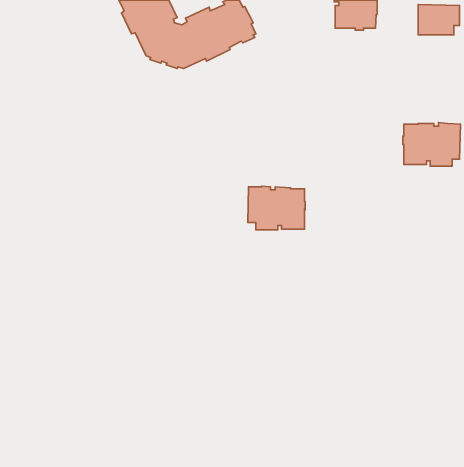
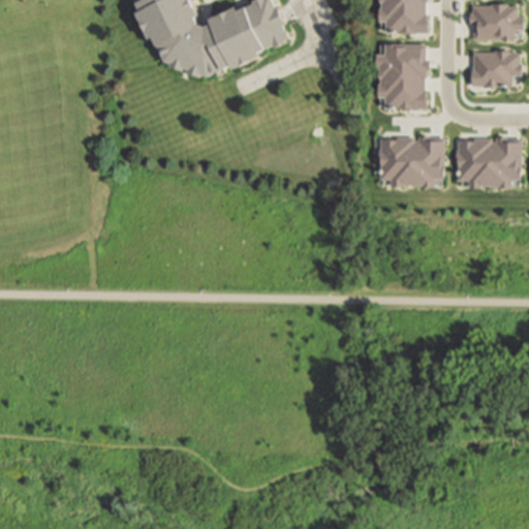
building: none -> [376,44,426,110]
building: none -> [472,52,519,85]
building: [248,186,305,230] -> [377,135,442,185]

